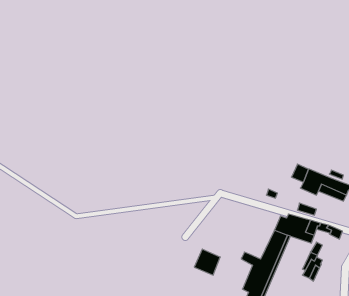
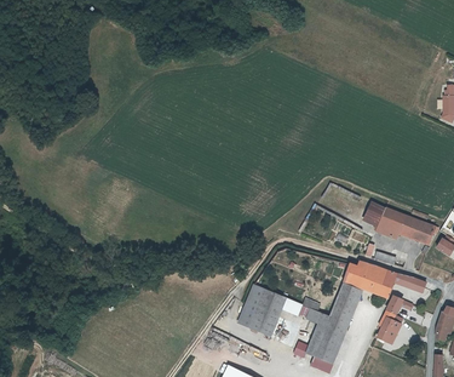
building: none -> [237,284,317,326]

